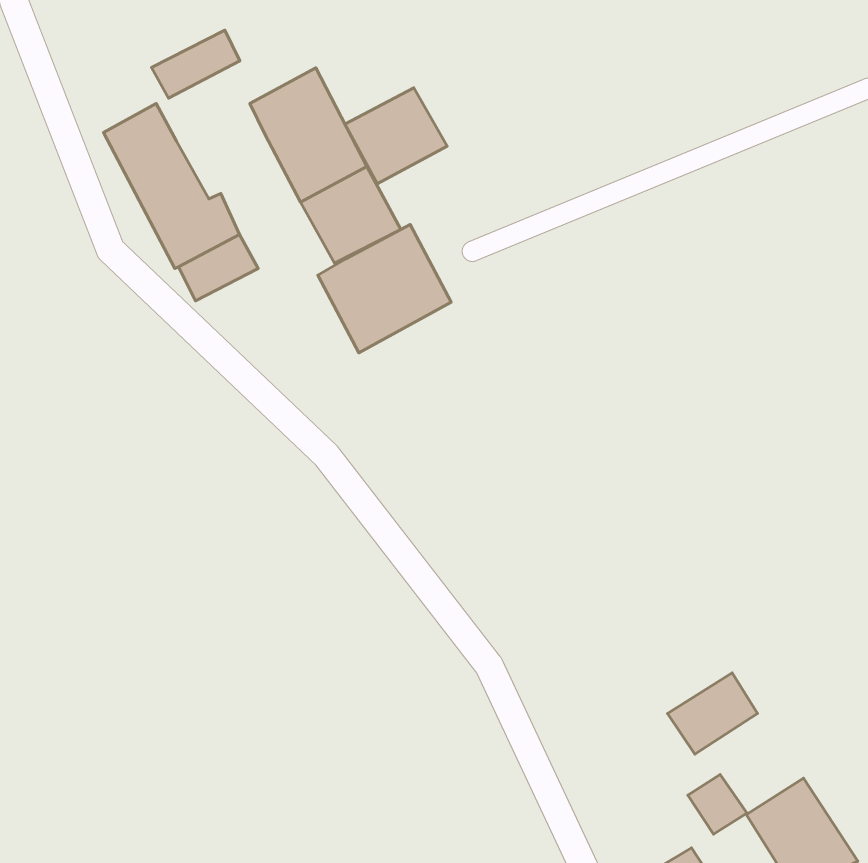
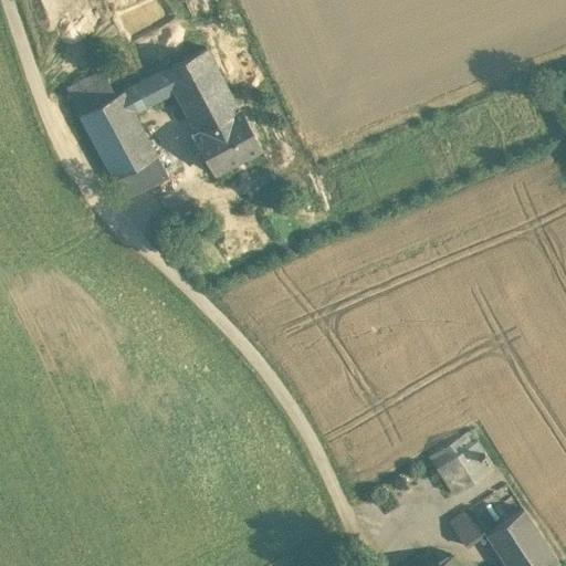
building: [152,30,240,98] -> [115,71,172,115]
building: [345,88,447,184] -> none
building: [318,224,451,353] -> none

